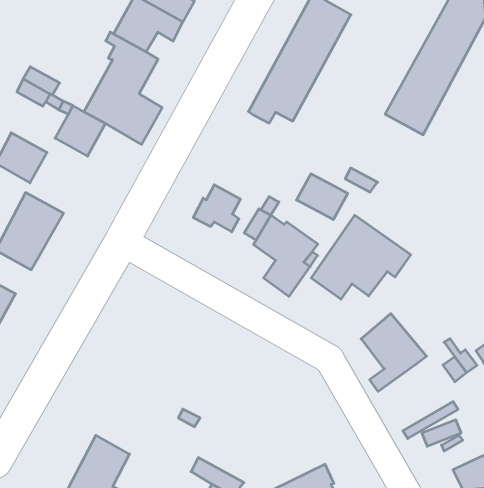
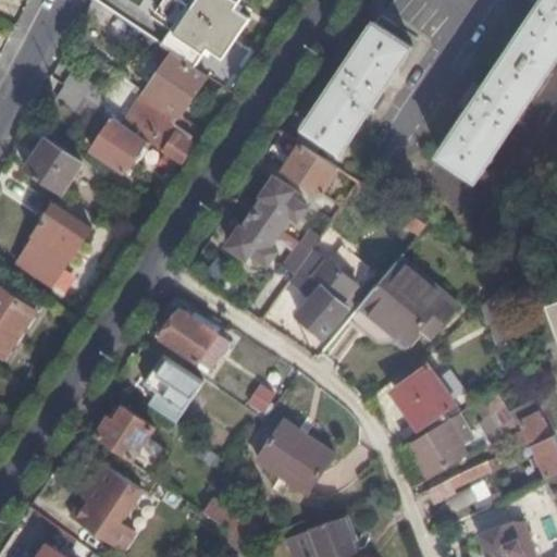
building: none -> [252,178,306,231]
building: [296,174,348,220] -> [283,144,337,194]
building: none -> [161,310,226,369]
building: none -> [144,357,200,421]
building: none -> [406,420,465,479]
building: none -> [255,420,332,493]
building: none -> [96,407,152,458]

